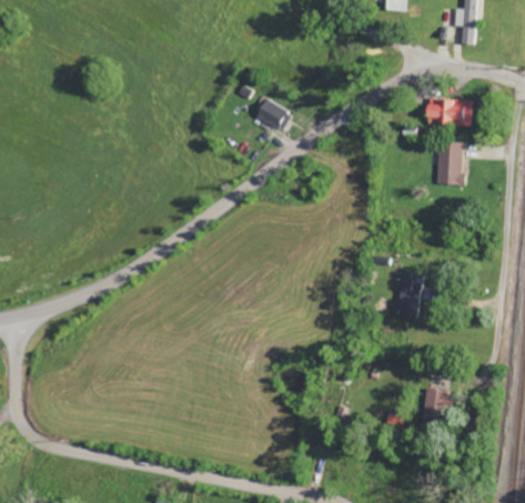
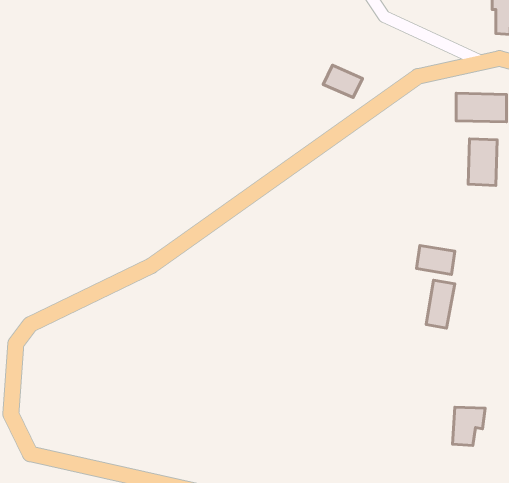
building: [255,99,292,129] -> [323,65,363,98]
building: none -> [416,245,455,274]

